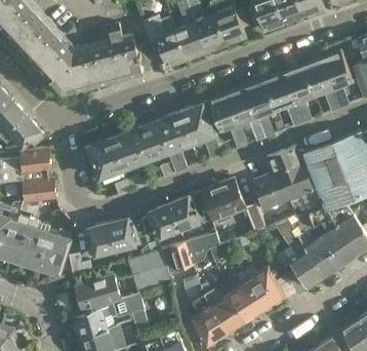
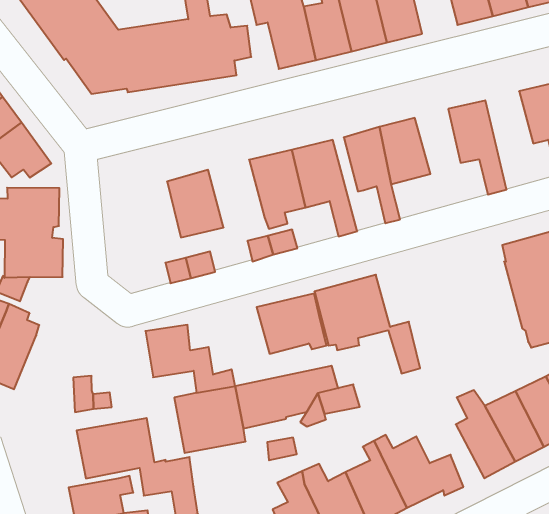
building: [285,66,314,122] -> none
building: [246,80,275,137] -> none
building: [132,121,167,161] -> none
building: [86,139,121,179] -> none
building: [253,148,323,218] -> none
building: [146,204,178,238] -> none
building: [83,225,114,257] -> none
building: [36,228,70,273] -> none

